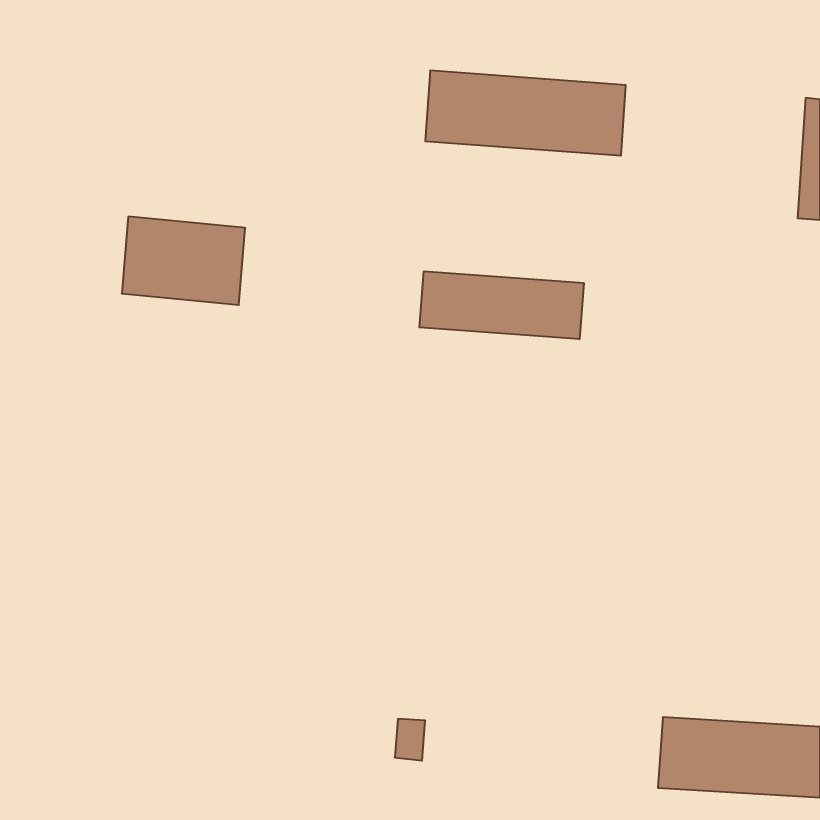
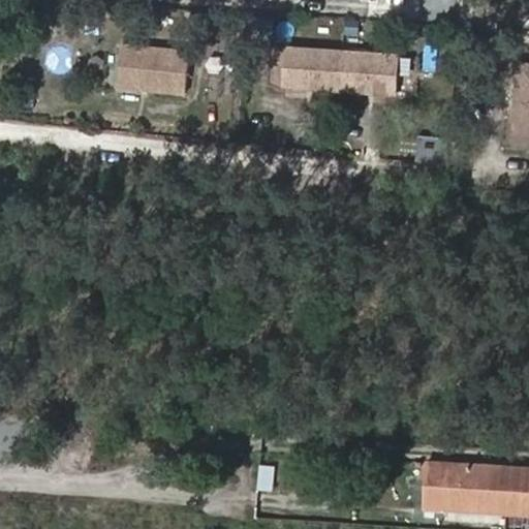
building: [122,217,245,305] -> [113,40,192,97]
building: [419,271,584,339] -> none

